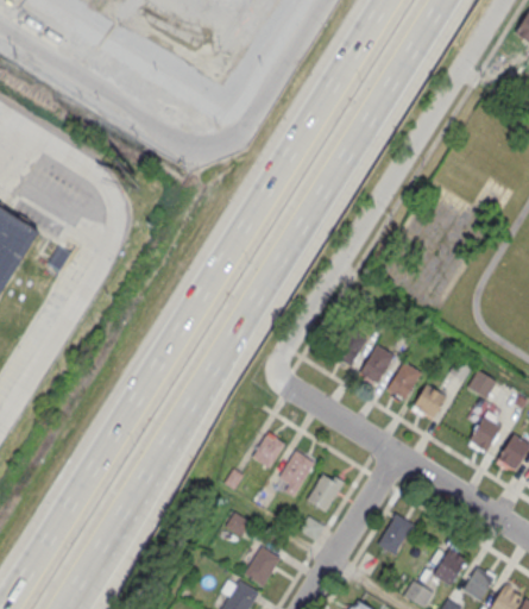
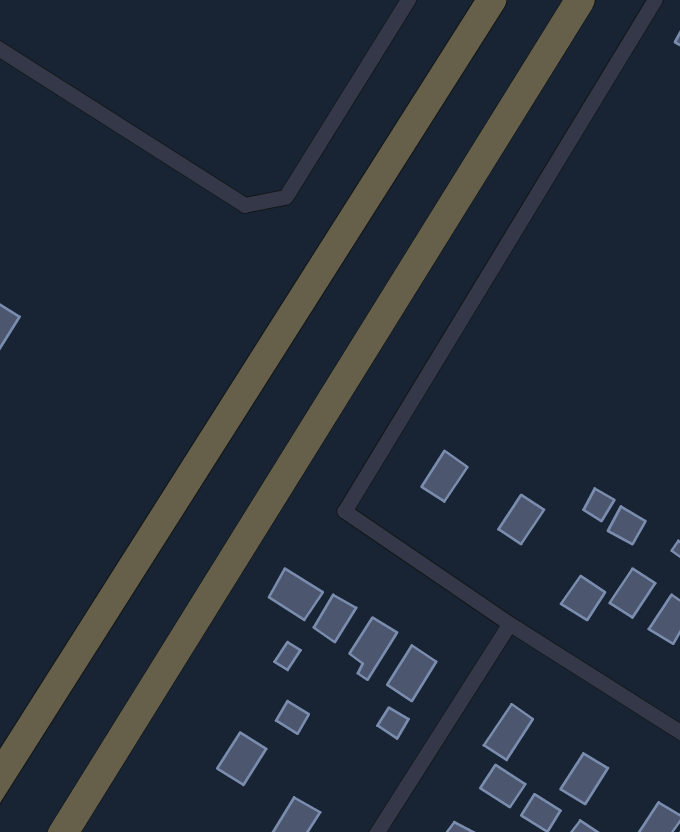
building: [358,345,391,382] -> none
building: [413,384,445,416] -> [561,576,605,620]
building: none -> [269,569,323,620]
building: [244,547,279,585] -> [217,733,266,785]
building: none -> [480,765,525,807]
building: [461,567,492,599] -> none

